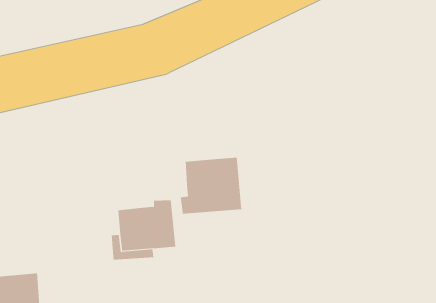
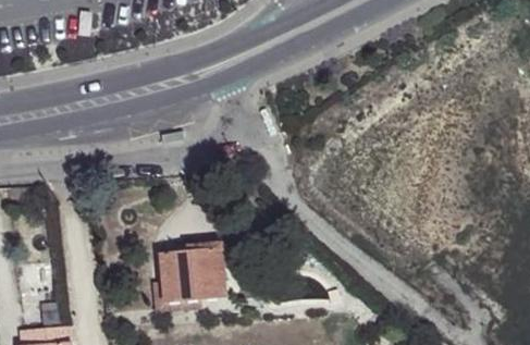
building: [180,157,242,214] -> none

